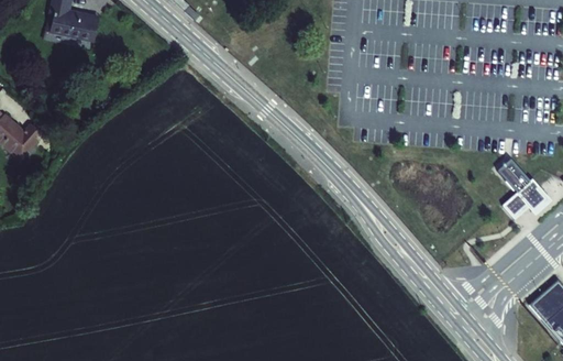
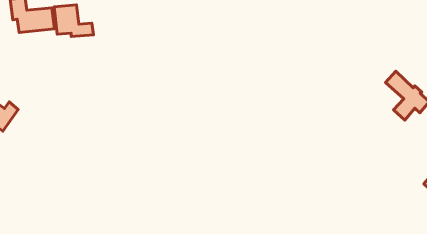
building: none -> [54,5,94,37]

